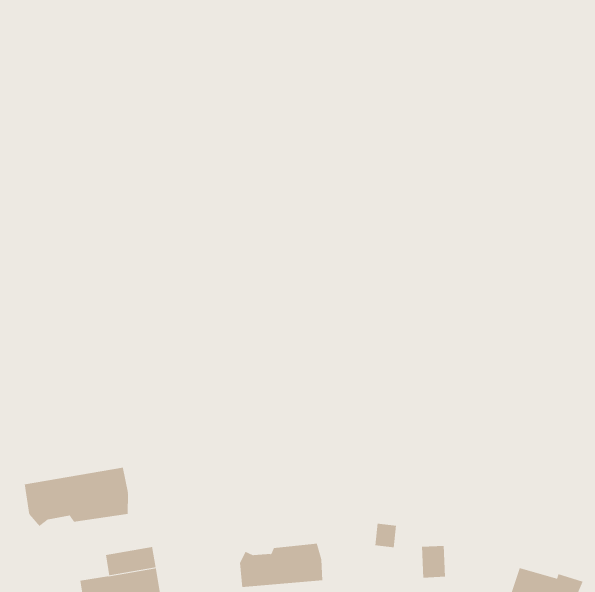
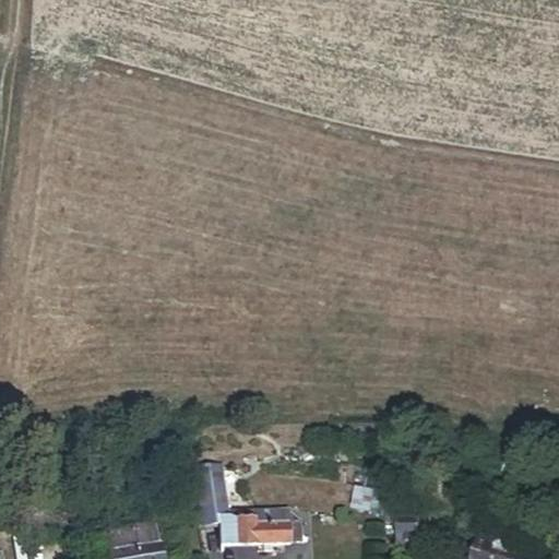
building: [24,467,128,527] -> none
building: none -> [195,468,229,533]

